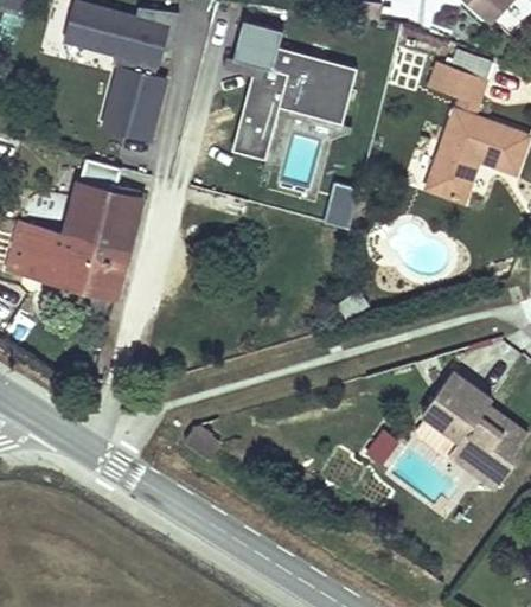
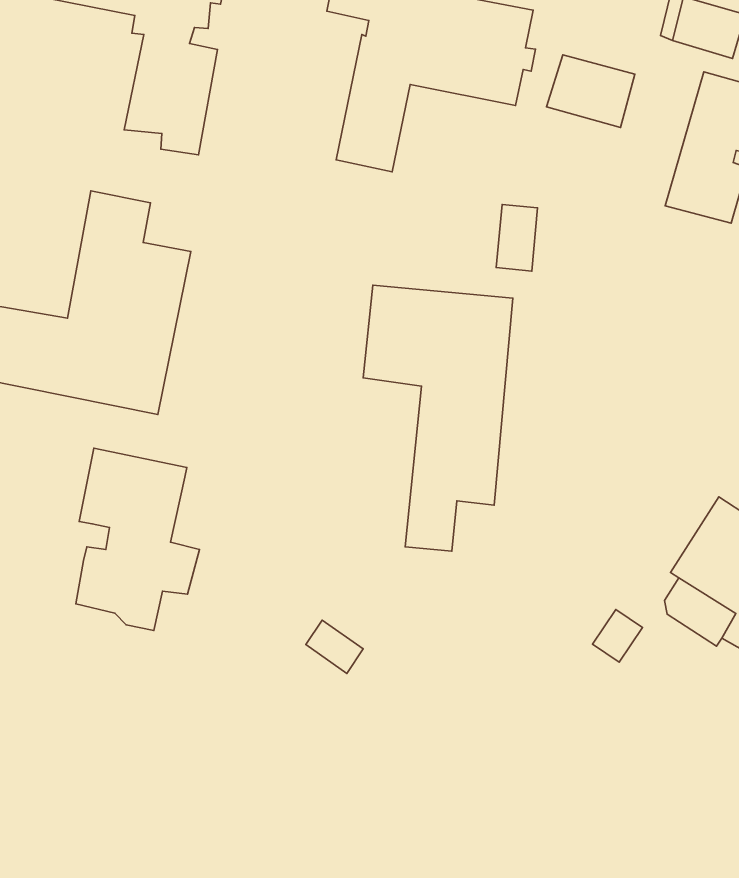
building: none -> [546,55,635,128]
building: none -> [363,285,513,551]
building: none -> [76,448,199,631]

